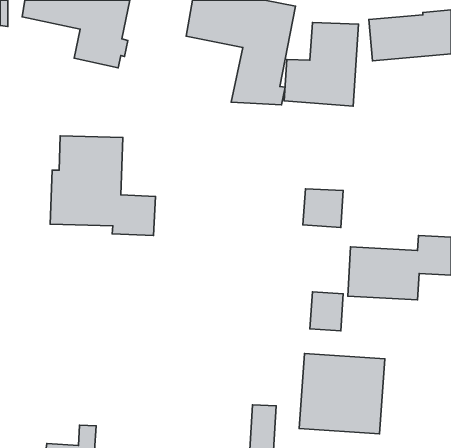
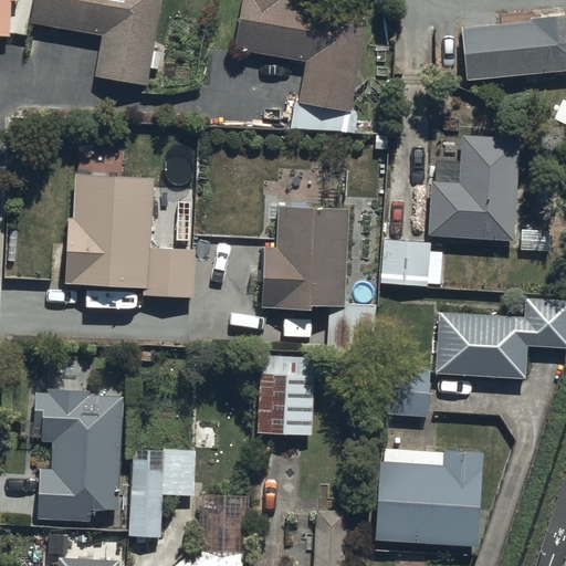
building: [284,22,358,106] -> [426,135,518,240]
building: none -> [249,205,375,354]
building: none -> [259,360,312,434]
building: none -> [33,388,122,522]
building: none -> [128,447,196,541]

